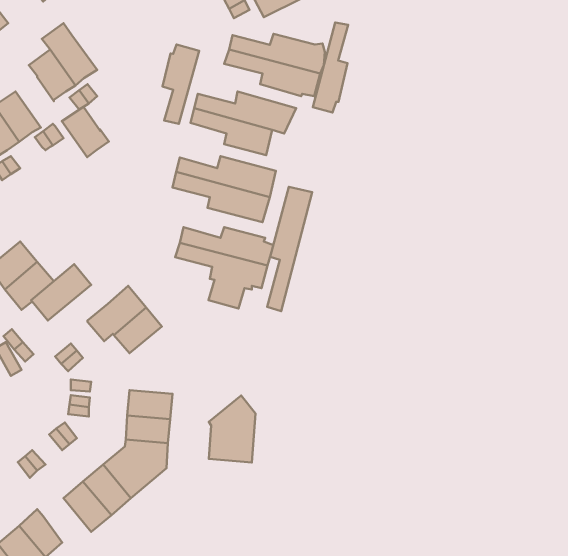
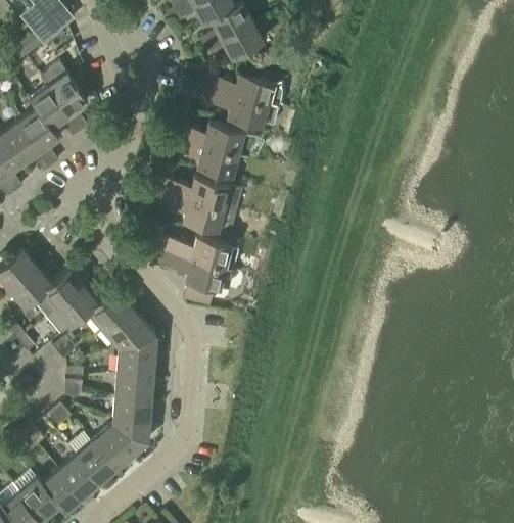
building: [313,22,348,113] -> none
building: [163,44,199,124] -> none
building: [62,107,109,157] -> [19,109,59,152]
building: [267,187,312,311] -> none
building: none -> [47,286,98,333]
building: [209,395,255,463] -> [116,322,156,379]
building: none -> [43,468,84,512]

